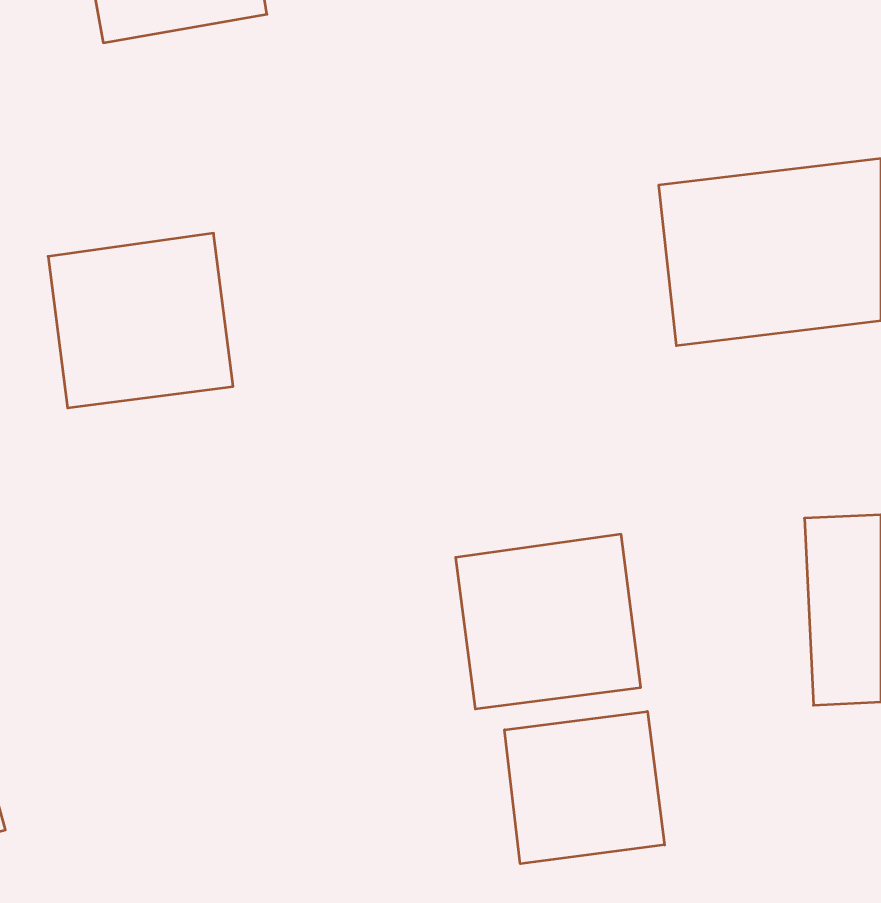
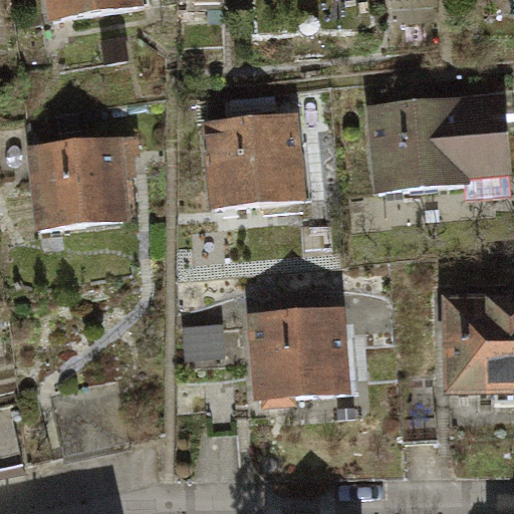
building: none -> [205,107,315,208]
building: [505,711,665,864] -> none

